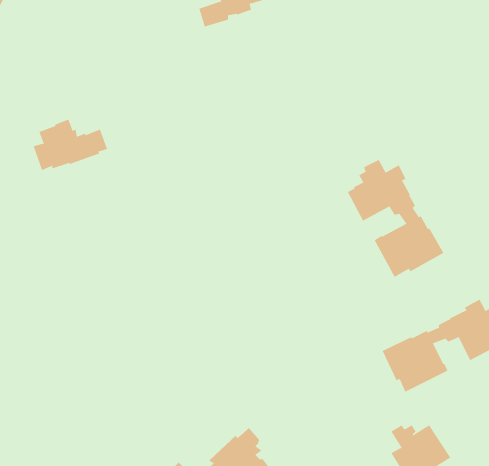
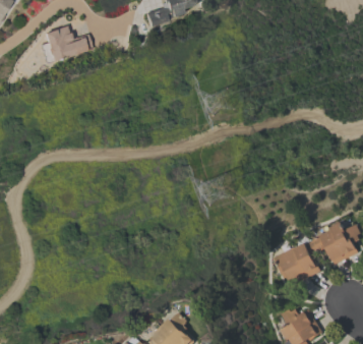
building: [33,119,108,171] -> [40,27,93,64]
building: [347,159,444,278] -> none

